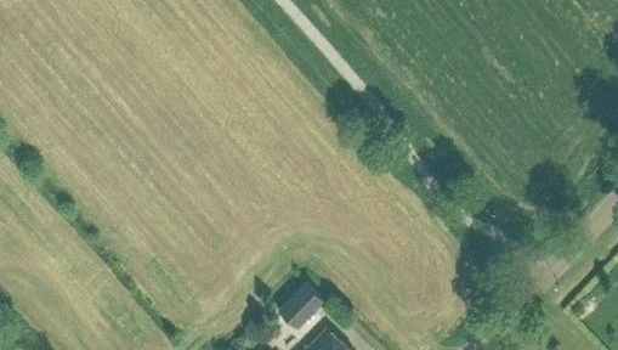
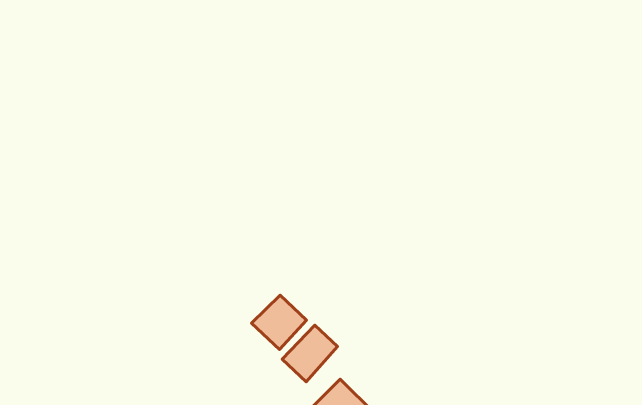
building: none -> [252,295,306,349]

